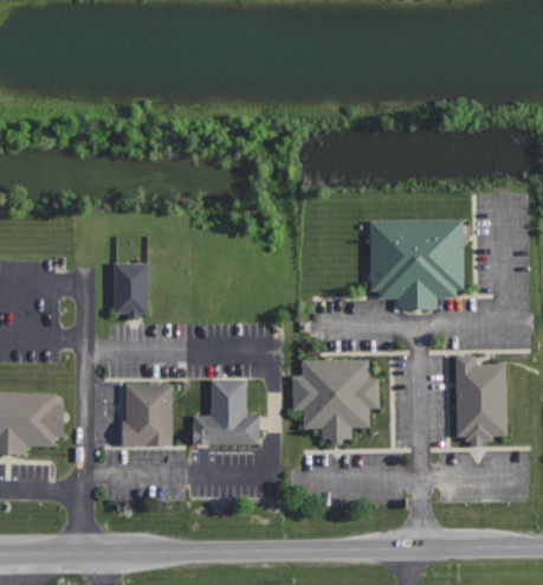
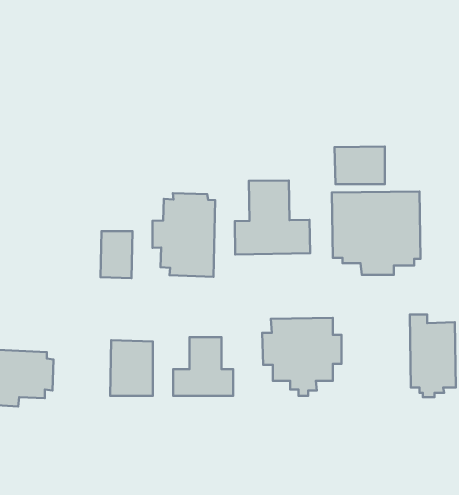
building: none -> [335,147,385,184]
building: none -> [235,180,310,254]
building: none -> [153,193,215,277]

